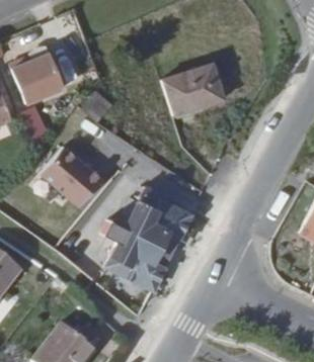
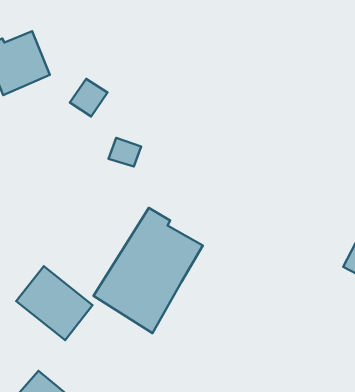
building: [163,58,222,107] -> none
building: [41,144,102,203] -> [16,266,93,340]

